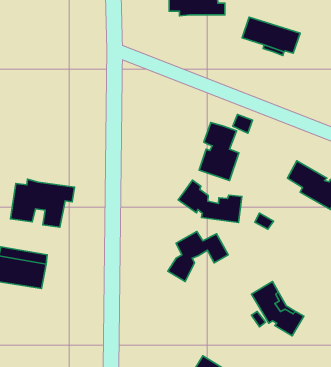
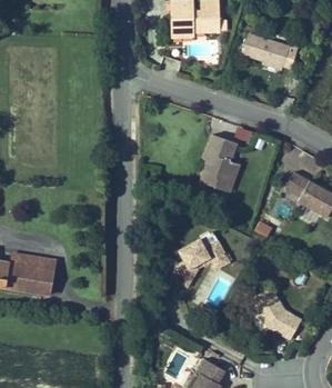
building: [11,179,75,227] -> none
building: [178,180,242,223] -> none

